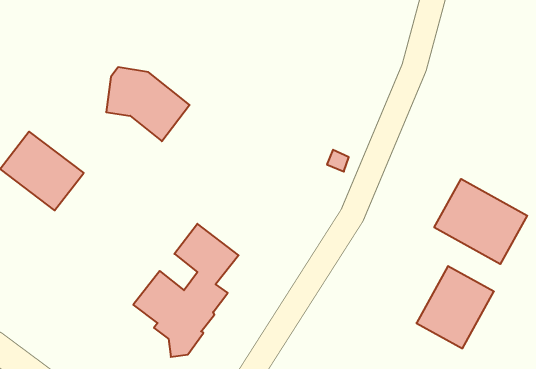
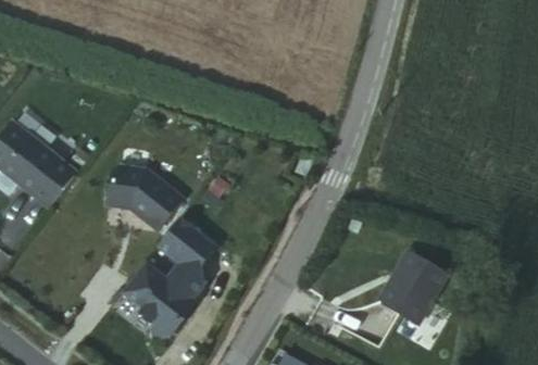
building: [106,67,190,141] -> [108,164,183,230]
building: [434,179,527,264] -> none

